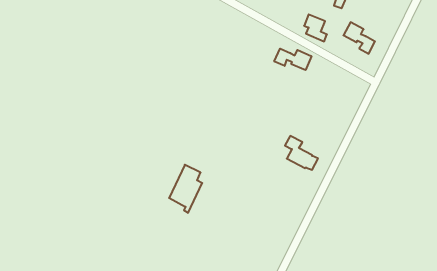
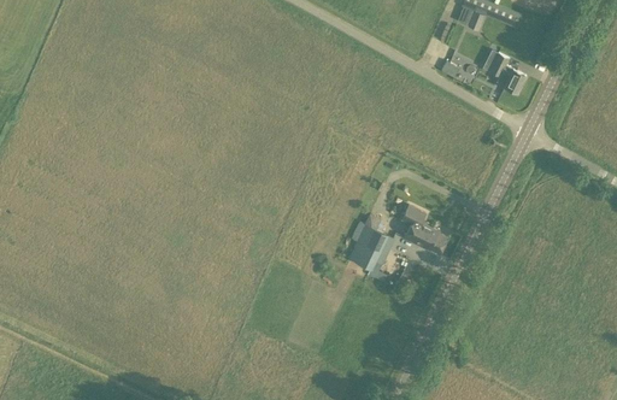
building: [274,49,311,70] -> none
building: [169,165,202,213] -> [347,212,393,278]

